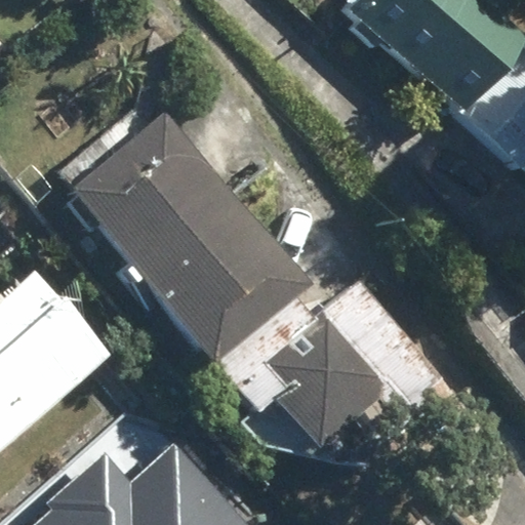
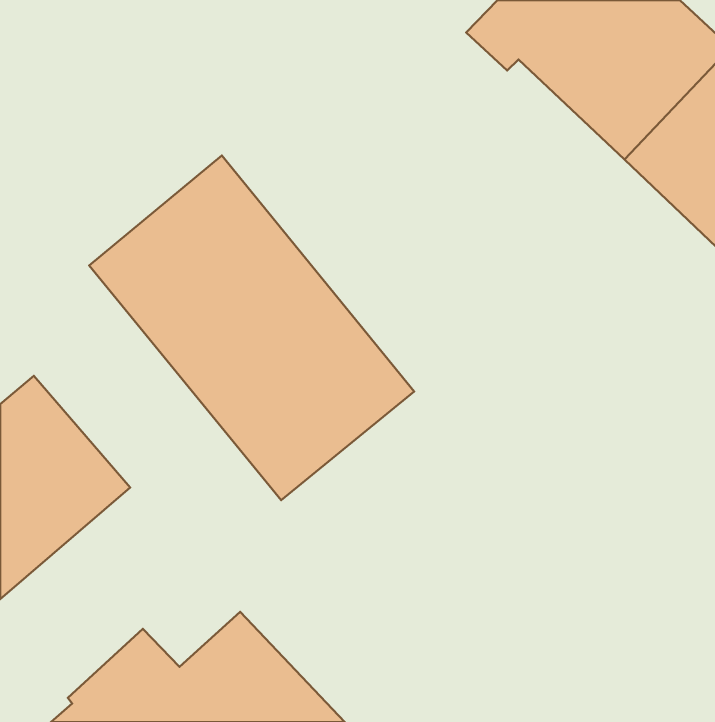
building: [233,280,443,449] -> none

